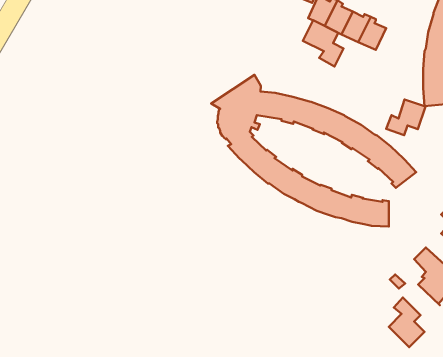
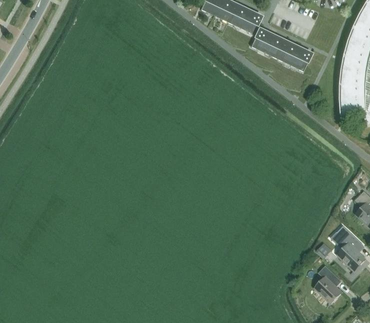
building: [303,20,343,66] -> none
building: [211,75,416,227] -> none
building: [386,99,425,135] -> none

